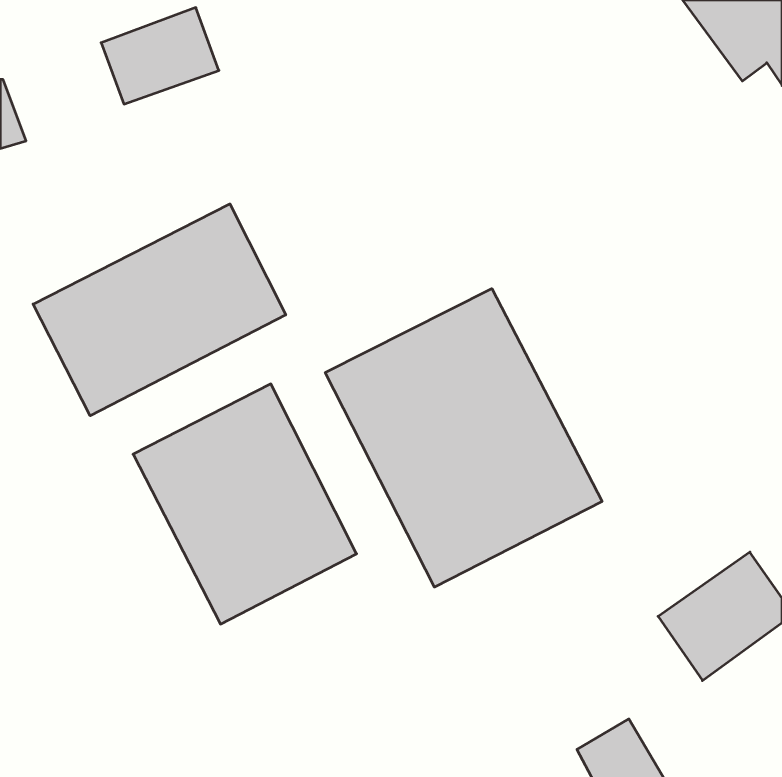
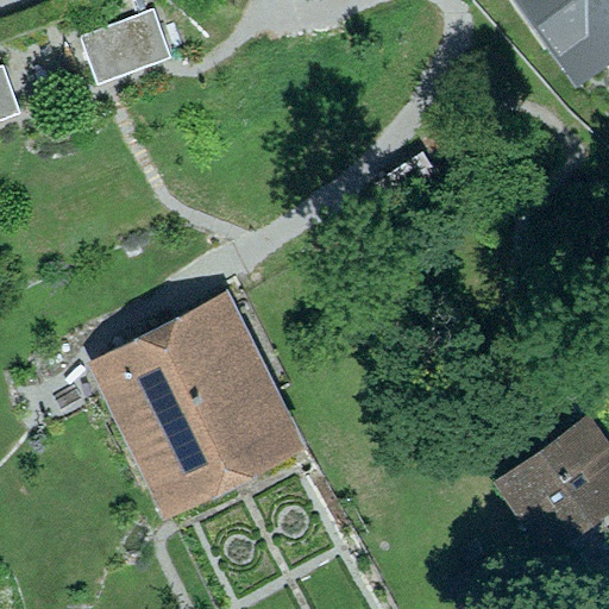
building: [33,204,286,416] -> none
building: [325,289,602,587] -> none

